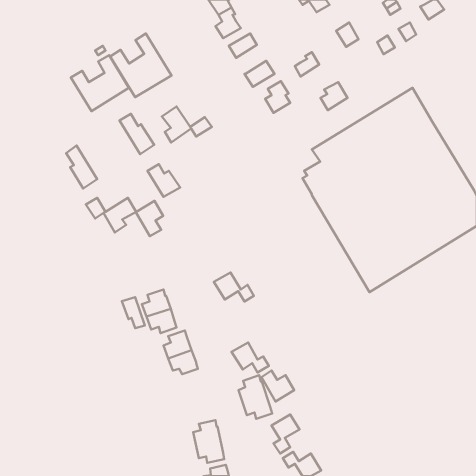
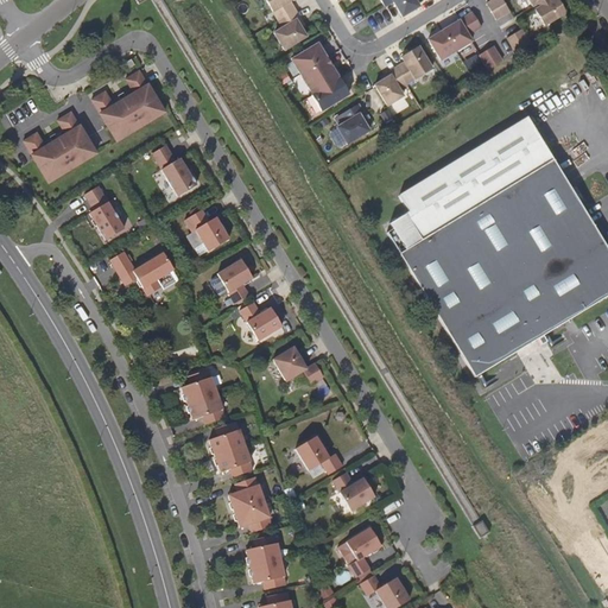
building: none -> [445,12,482,50]
building: [110,33,172,97] -> none
building: none -> [302,57,340,94]
building: [321,82,348,110] -> [398,46,432,82]
building: none -> [24,112,97,182]
building: [162,107,212,142] -> none
building: [136,201,163,236] -> [218,259,253,304]
building: none -> [240,302,283,340]
building: [122,297,145,328] -> none
building: [239,375,272,419] -> [229,476,272,532]

